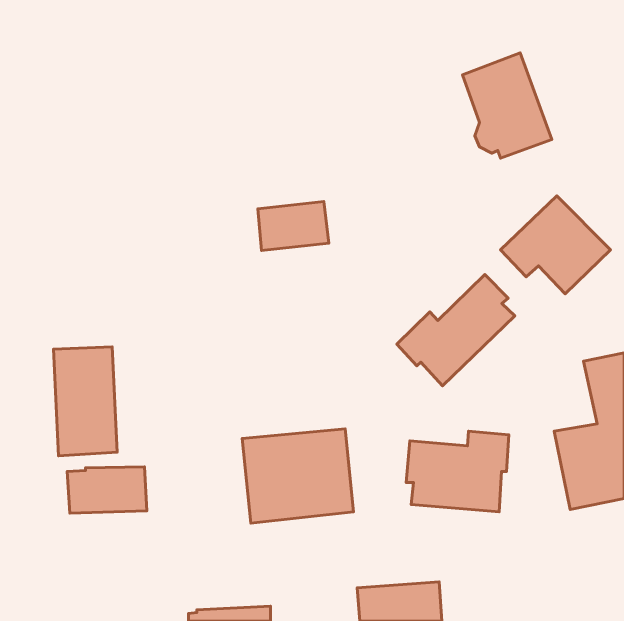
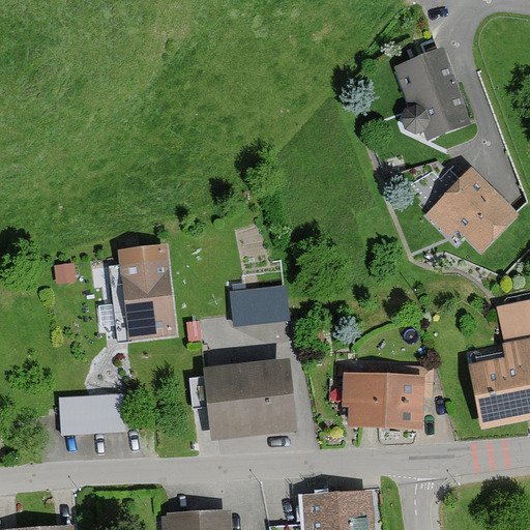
building: [258,202,329,251] -> [229,281,289,322]
building: [397,274,515,386] -> none
building: [54,347,117,456] -> [120,248,174,341]

